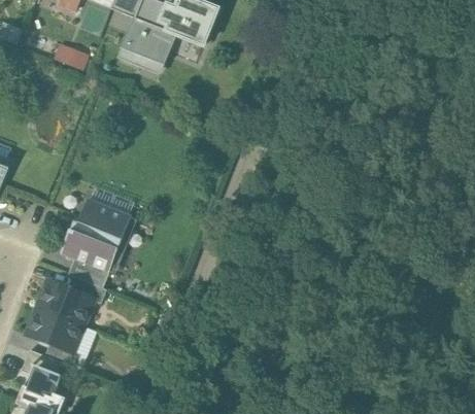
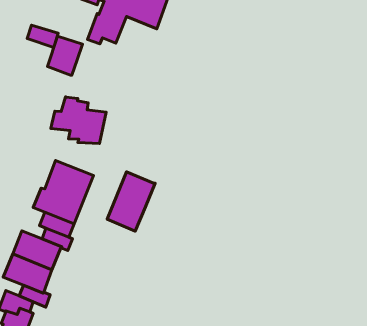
building: none -> [47,36,83,75]
building: none -> [51,97,106,144]
building: none -> [107,172,155,231]

